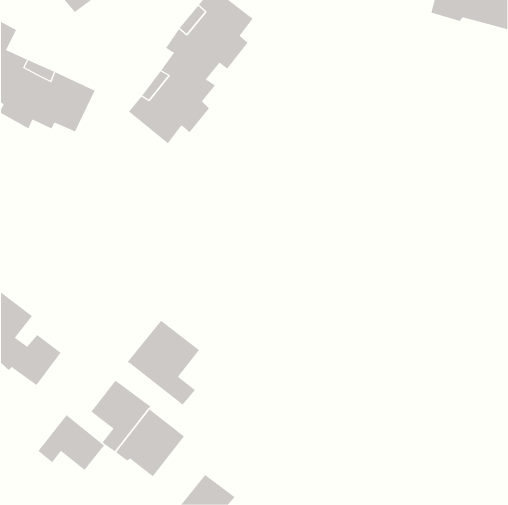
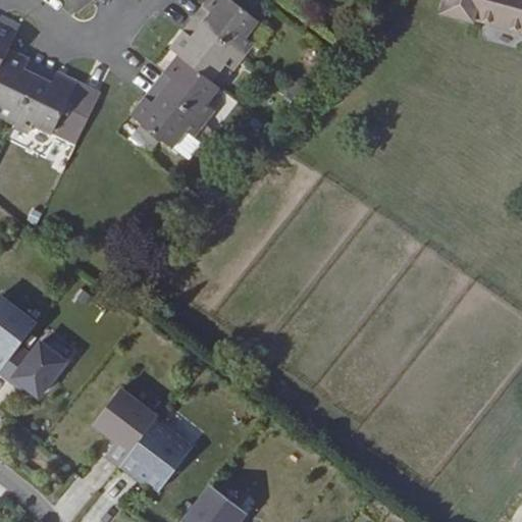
building: [127,320,200,406] -> none
building: [38,414,105,471] -> none

